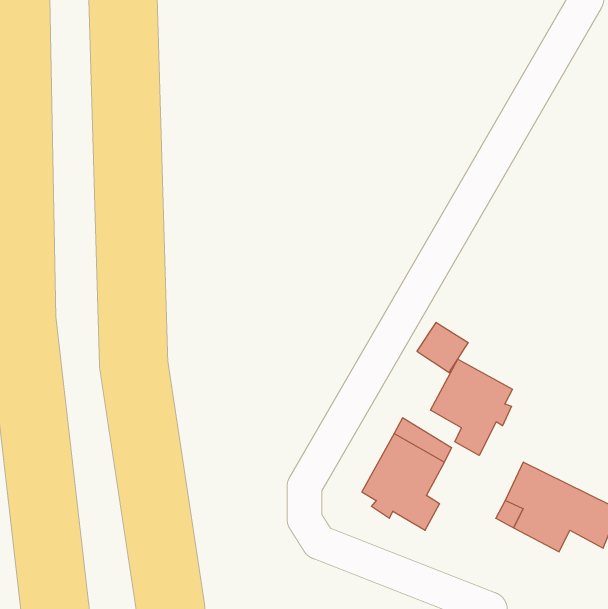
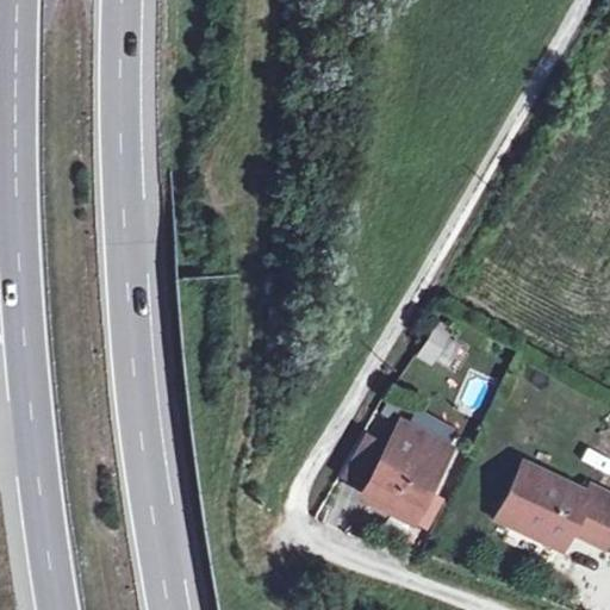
building: [431,359,512,455] -> none

